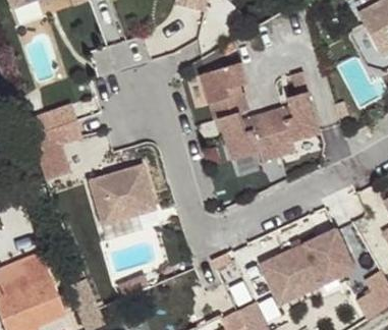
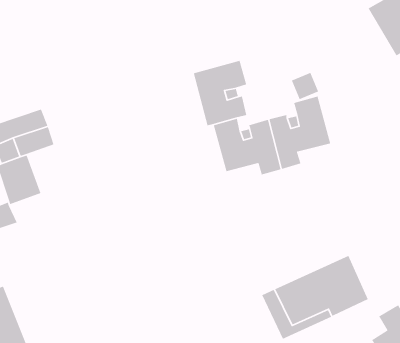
building: [89,162,156,223] -> none

